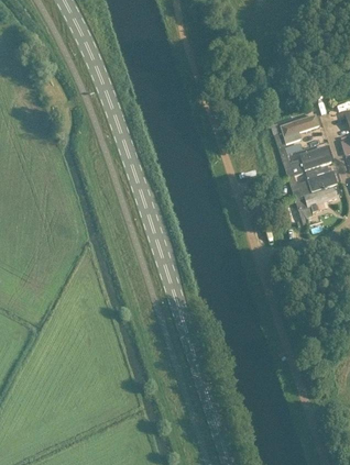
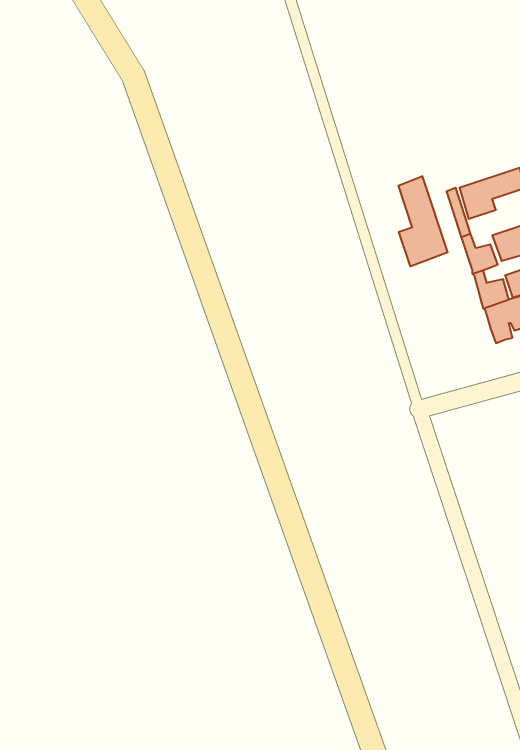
building: none -> [398,176,448,266]

